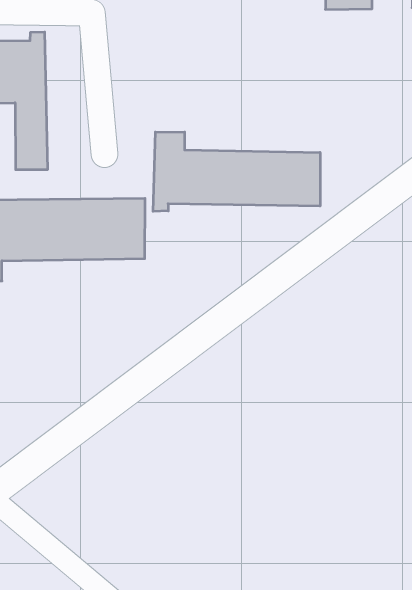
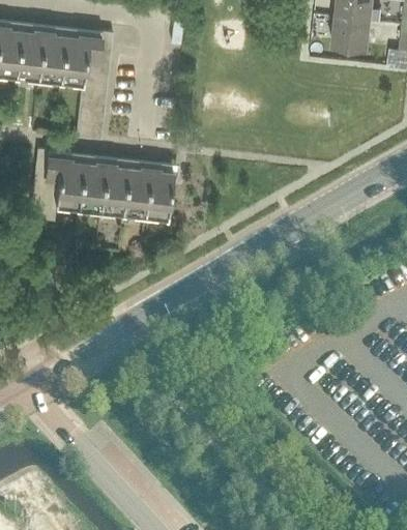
building: [153,132,320,211] -> none

